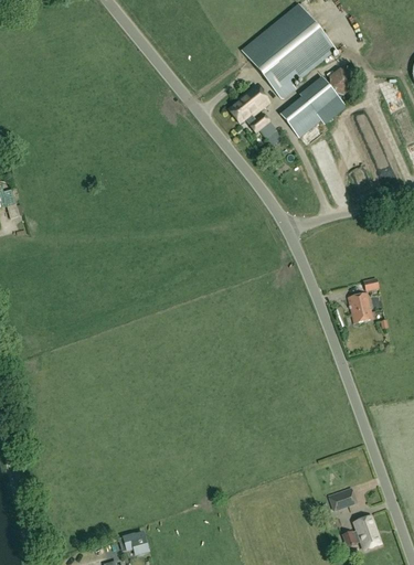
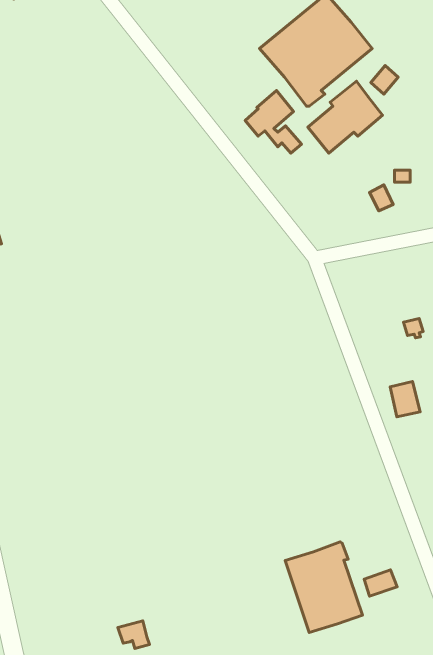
building: [348,292,373,322] -> [390,382,420,417]
building: none -> [285,542,362,633]
building: [341,515,380,550] -> none

